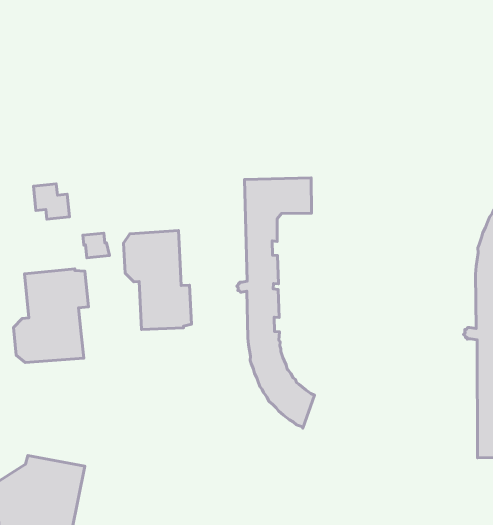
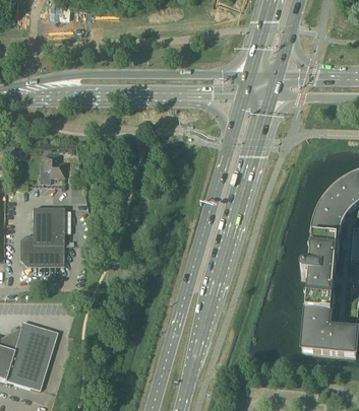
building: [237,178,315,428] -> none
building: [124,230,191,329] -> none

